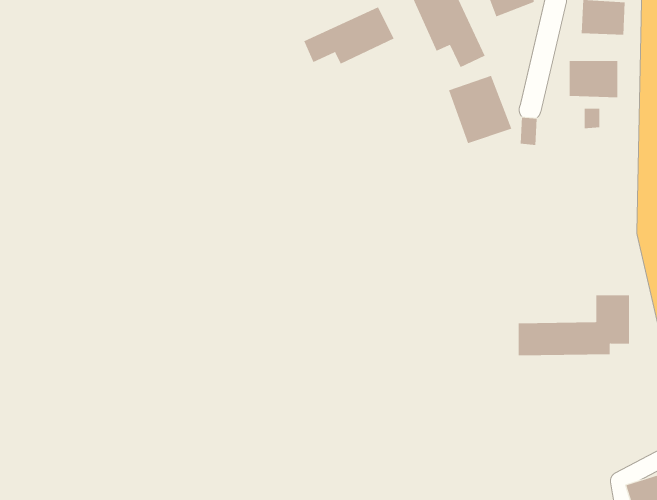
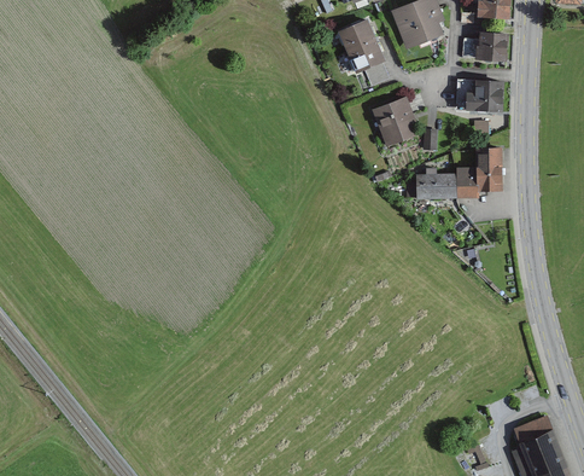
building: [303,6,394,64] -> none
building: [518,295,630,356] -> [415,150,506,199]

